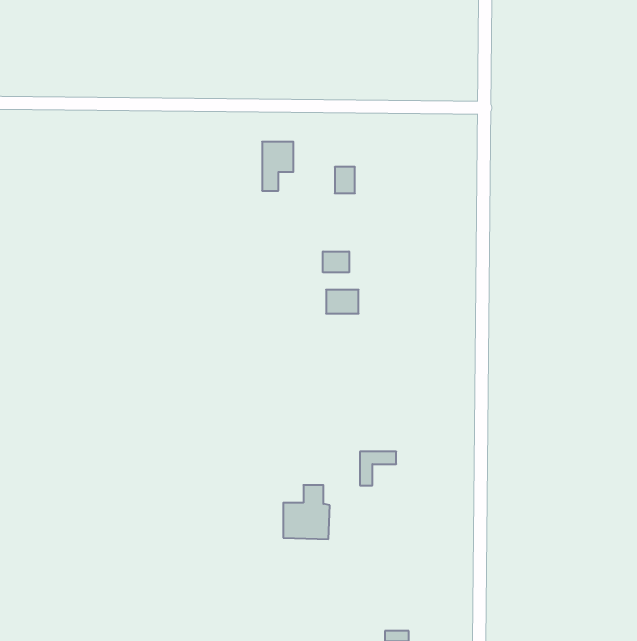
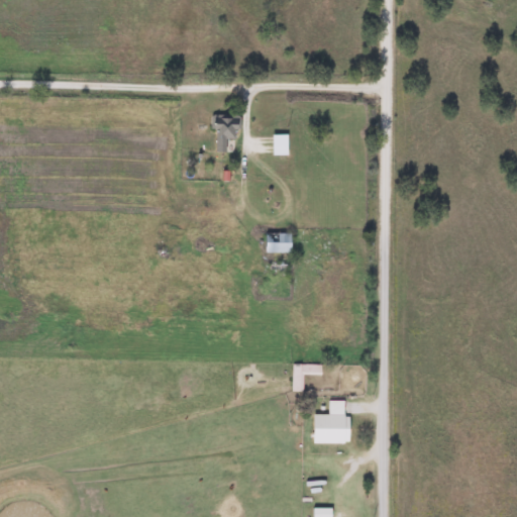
building: [323,251,349,272] -> none
building: [283,485,330,539] -> [313,400,350,443]

